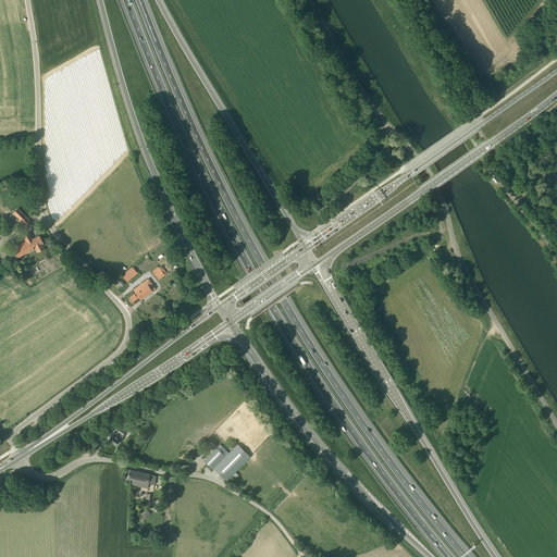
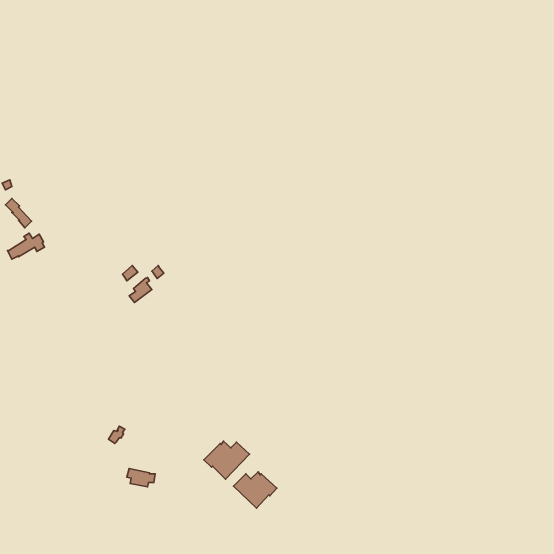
building: none -> [234,472,277,508]

